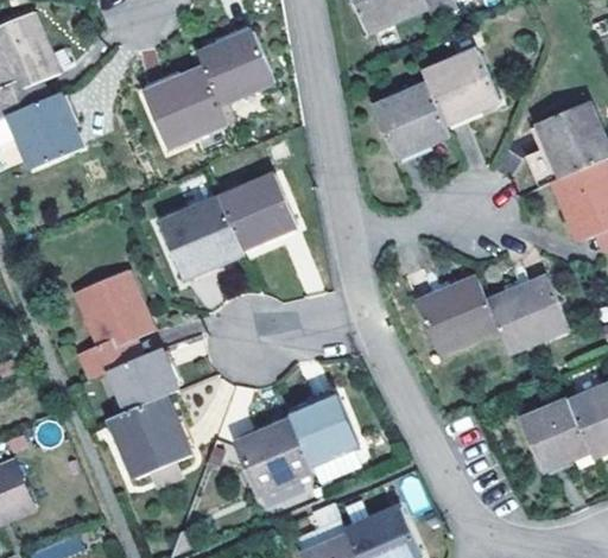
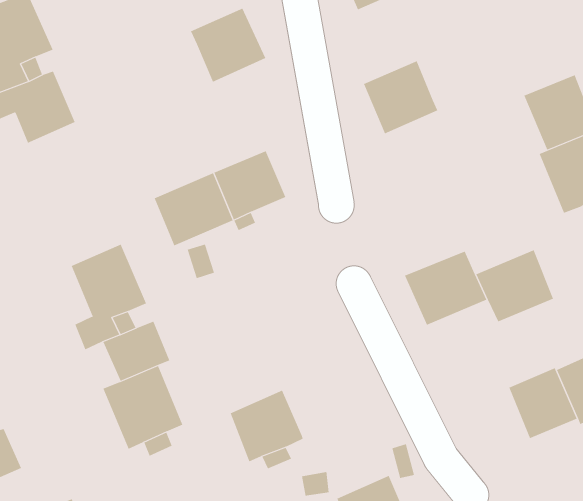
building: [424,49,498,123] -> none
building: [142,66,227,147] -> none
building: [289,393,359,464] -> none

